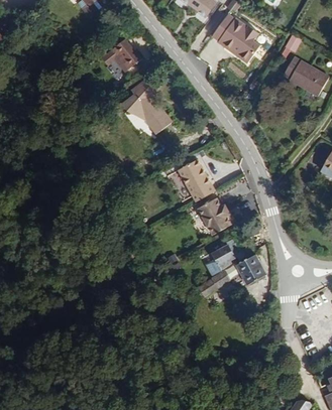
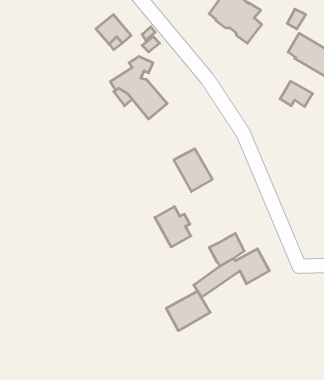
building: none -> [280,81,313,107]
building: [197,197,230,235] -> [155,206,191,247]
building: none -> [166,291,210,331]

